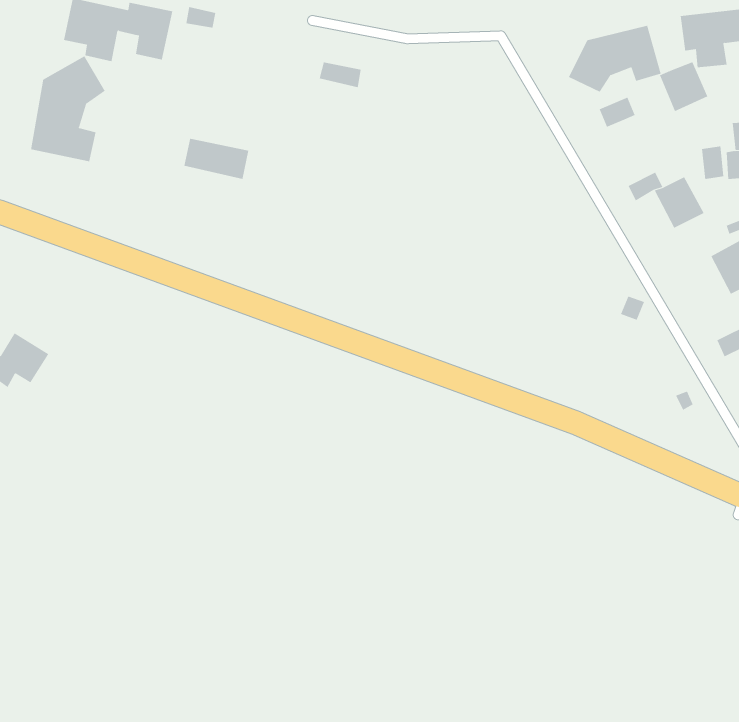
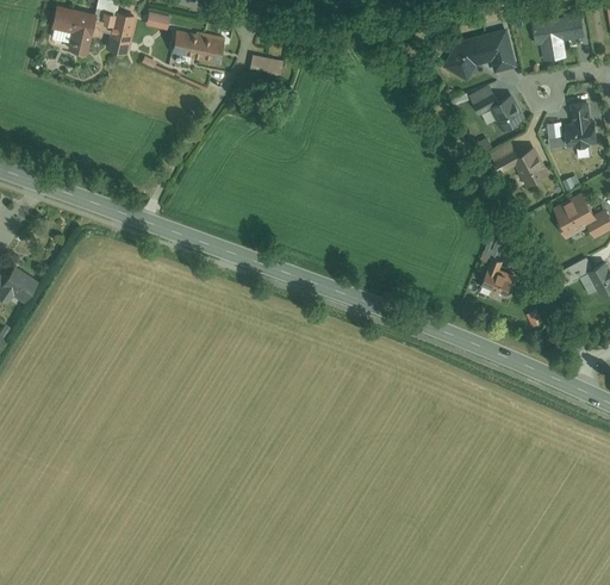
building: [30,56,106,162] -> none
building: [659,61,708,112] -> [487,89,525,129]
building: [183,138,249,180] -> [172,32,223,64]
building: none -> [481,257,511,295]

